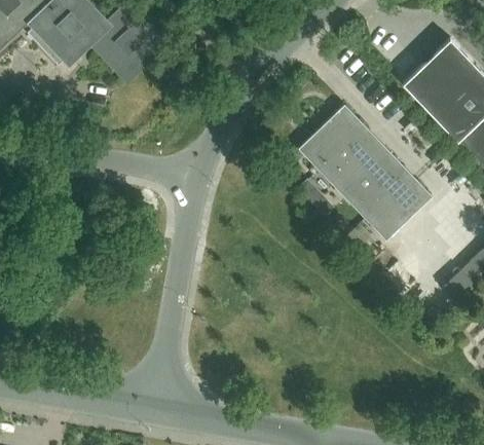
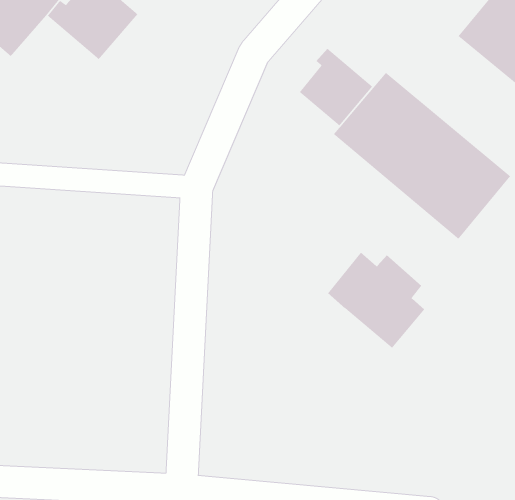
building: none -> [299,48,373,126]
building: none -> [327,251,425,349]

